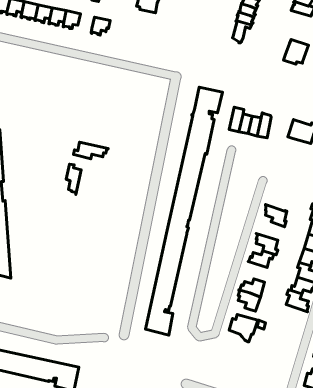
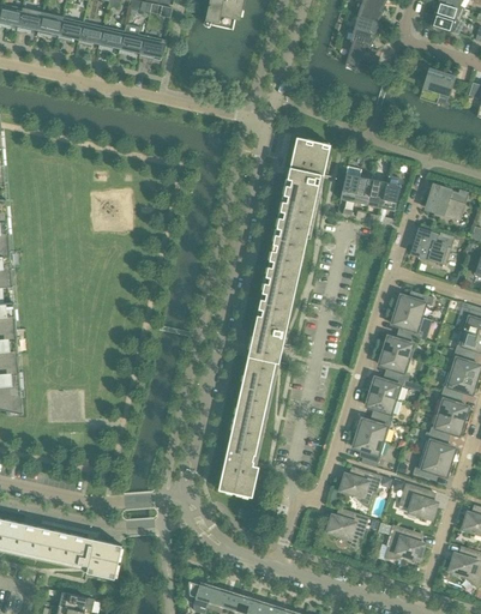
building: none -> [119,24,144,58]
building: [73,142,108,159] -> none
building: none -> [411,229,455,264]
building: [66,164,81,194] -> none
building: none -> [392,293,433,318]
building: none -> [379,333,417,360]
building: none -> [366,391,395,421]
building: none -> [413,453,453,480]
building: none -> [399,484,438,520]
building: none -> [326,508,368,549]
building: none -> [385,525,425,561]

